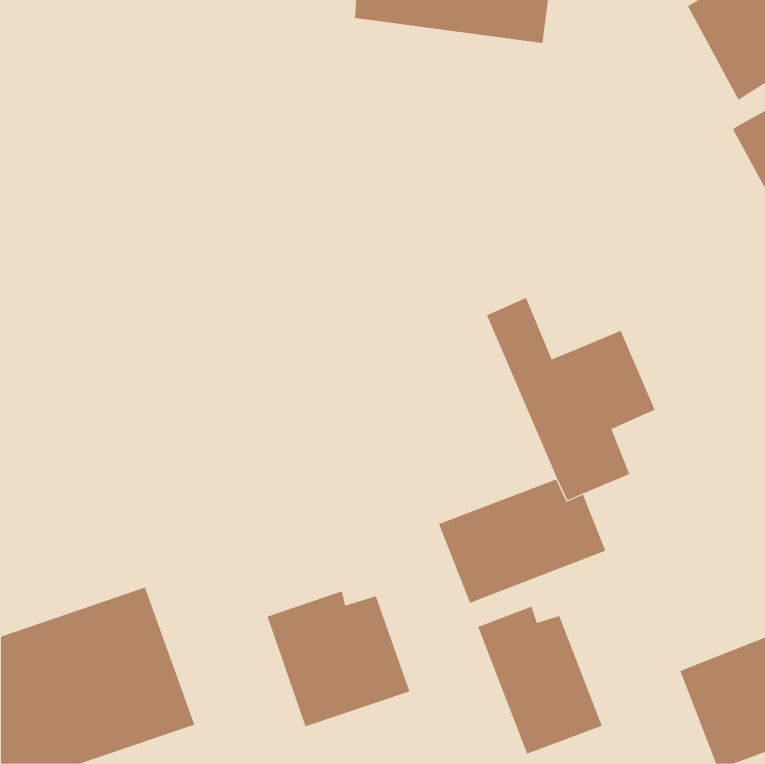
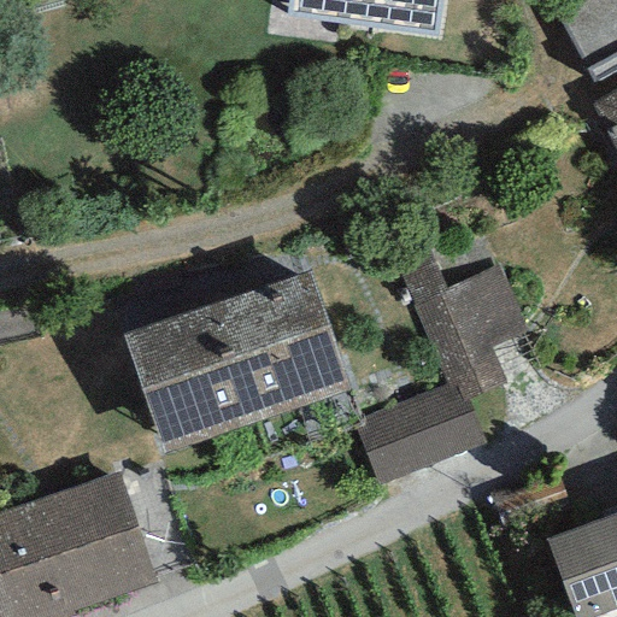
building: none -> [123,270,348,449]
building: [267,591,410,727] -> none
building: [478,606,603,755] -> none

